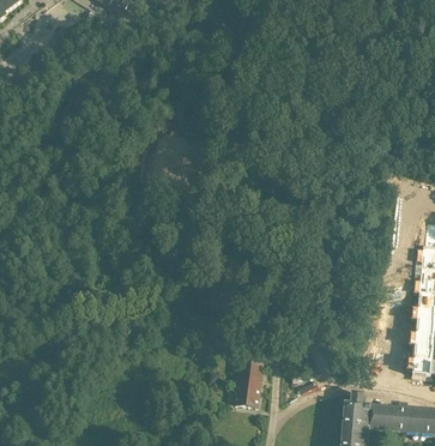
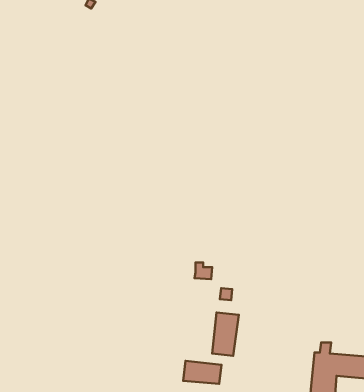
building: none -> [183,361,221,384]

